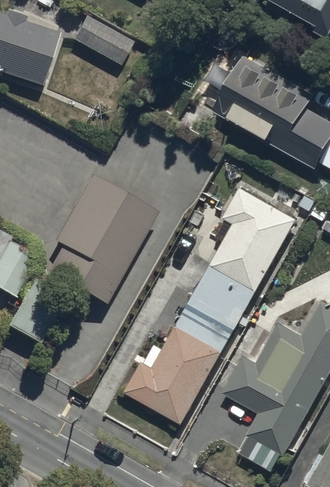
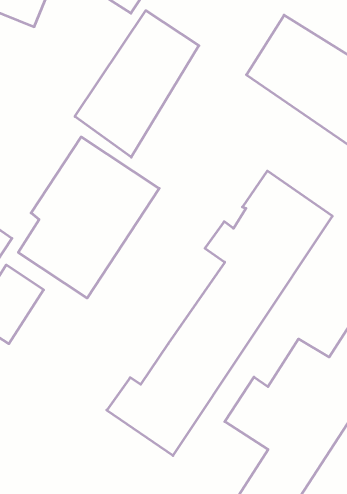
building: none -> [75,11,199,157]

